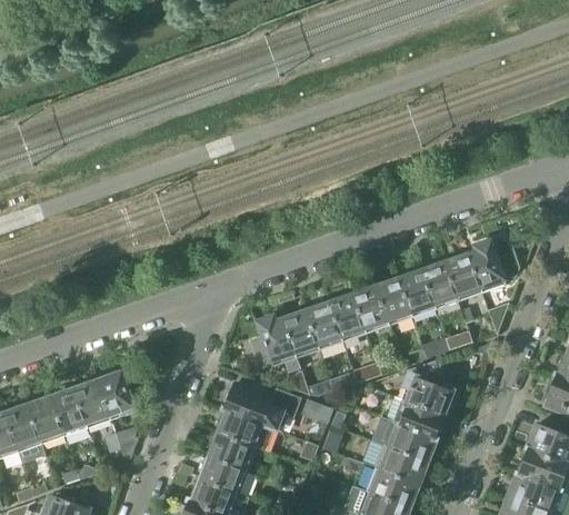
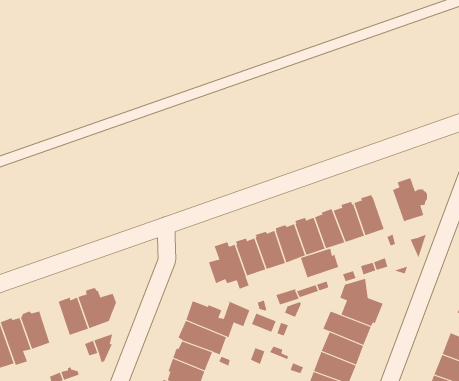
building: [446,251,481,300] -> none
building: none -> [300,248,339,278]
building: [51,386,86,435] -> none

